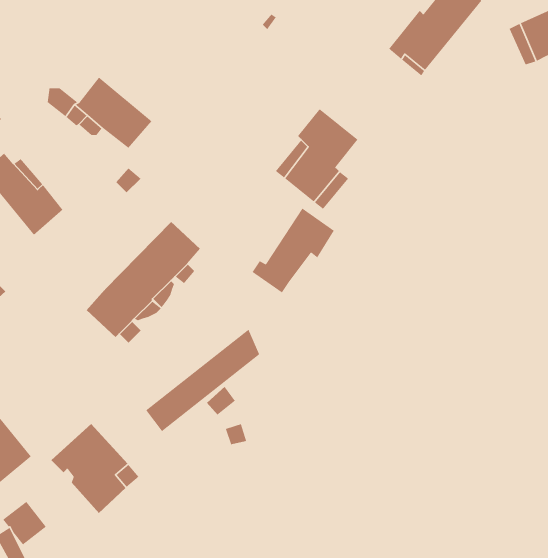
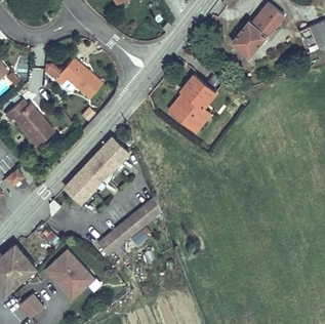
building: [252,208,335,294] -> none

